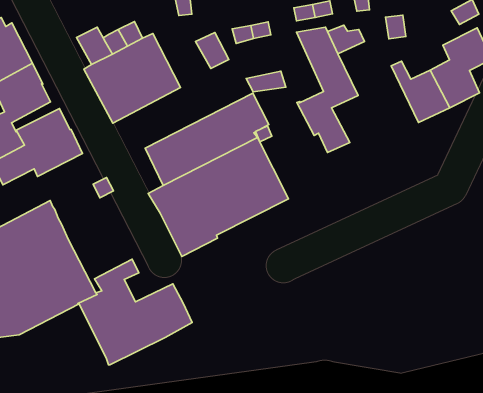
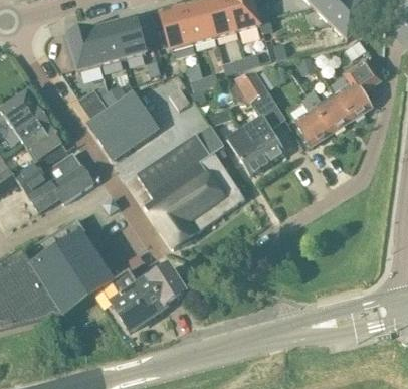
building: none -> [293,93,330,145]
building: none -> [227,128,267,173]

